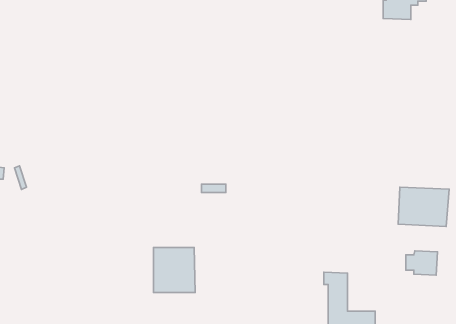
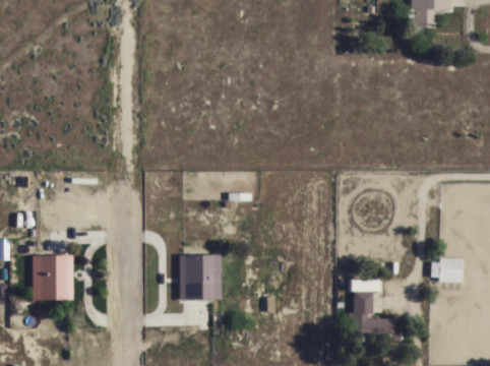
building: [398,187,449,226] -> none
building: none -> [33,254,73,300]

